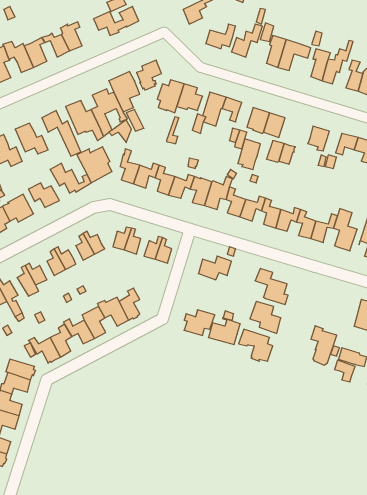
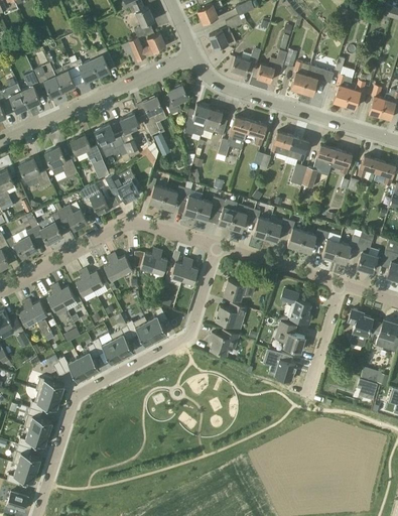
building: [238,139,260,170] -> [313,145,336,175]
building: [208,318,240,345] -> [216,302,247,329]
building: [311,326,337,365] -> [348,309,373,348]

